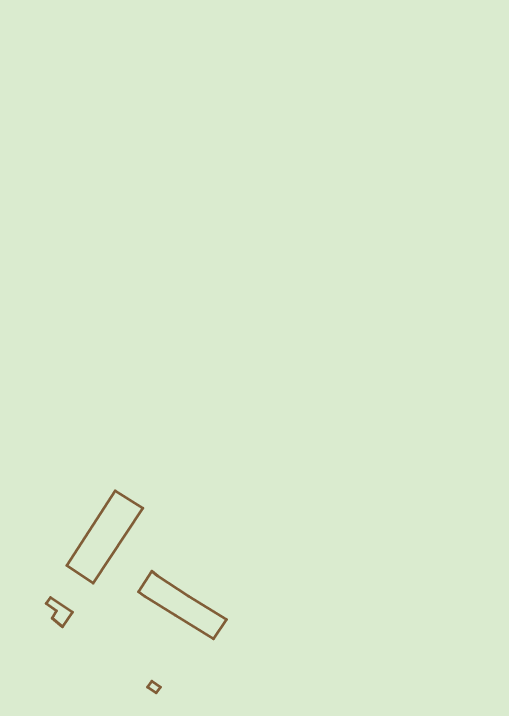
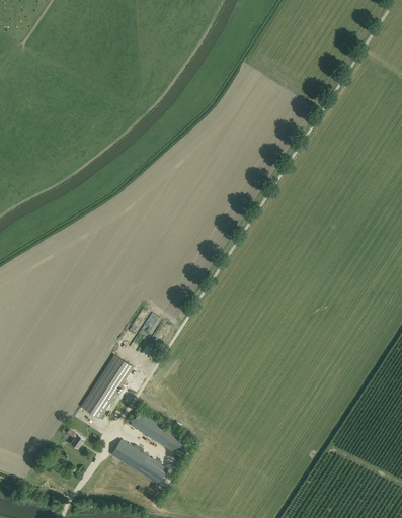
building: none -> [110,439,167,484]

